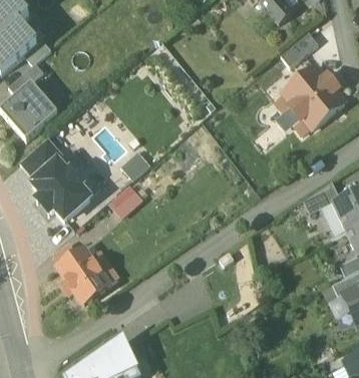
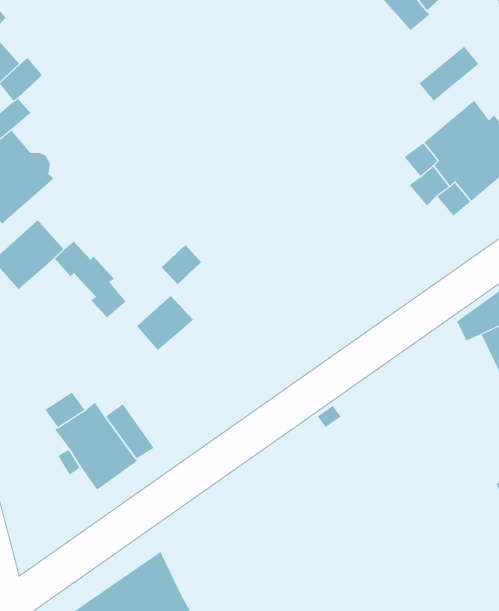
building: [32,161,90,220] -> none

